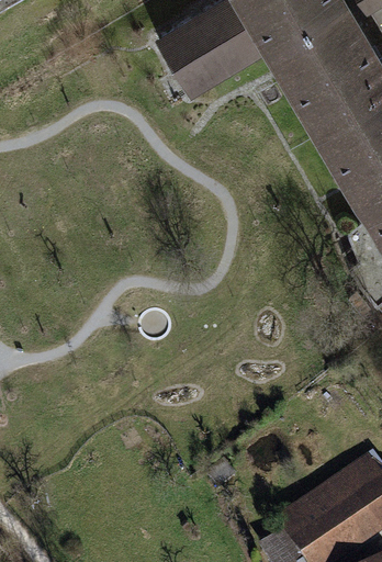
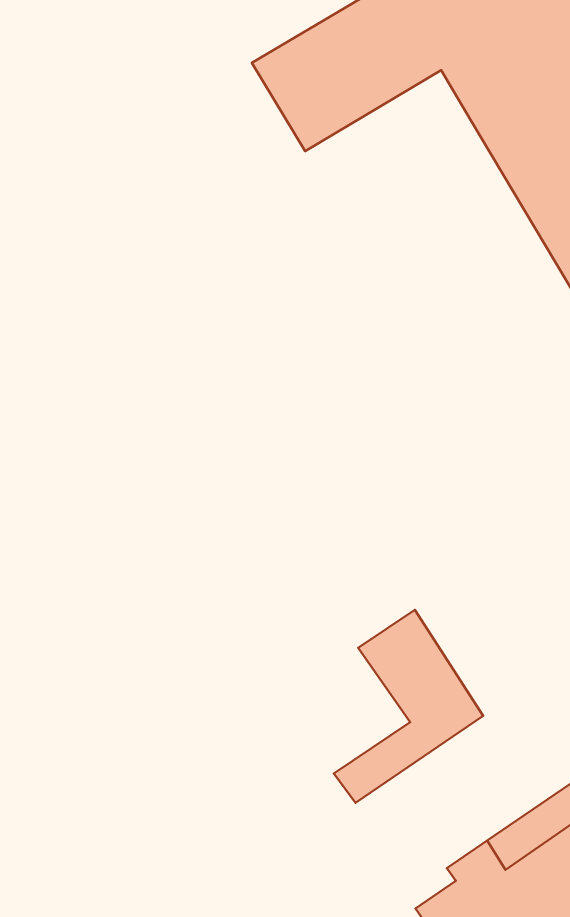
building: none -> [334,610,483,803]

